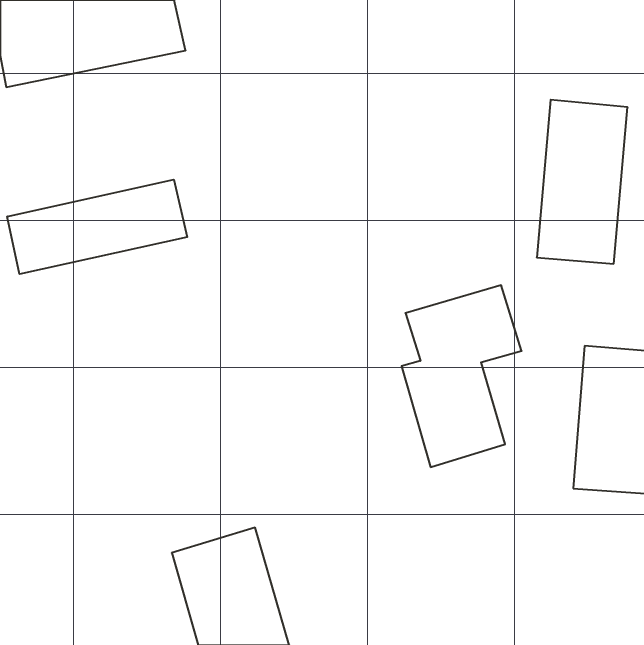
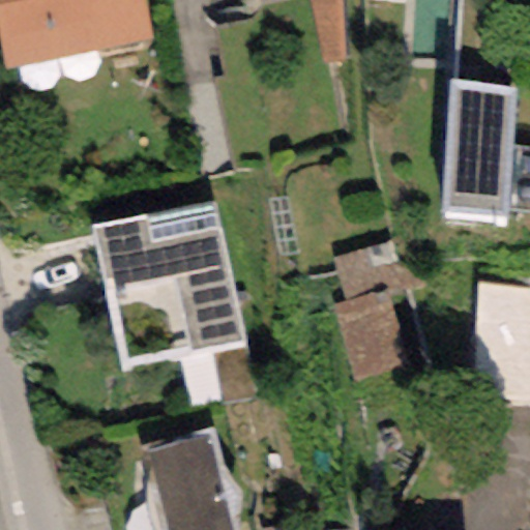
building: [7,180,187,274] -> none
building: none -> [91,201,246,369]

